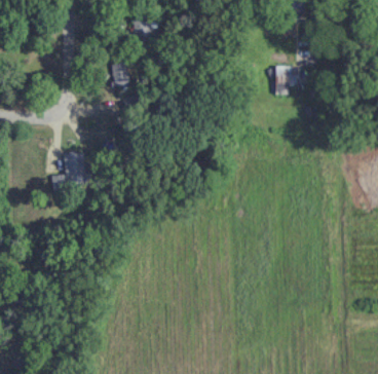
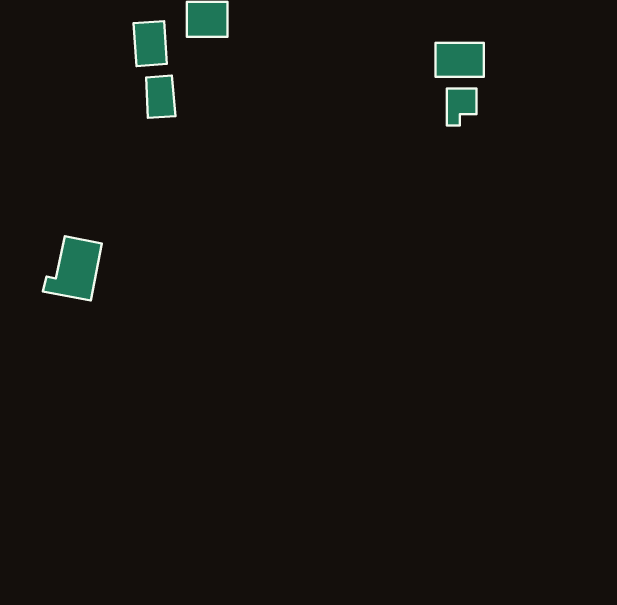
building: none -> [134,21,167,66]
building: none -> [435,43,484,77]

